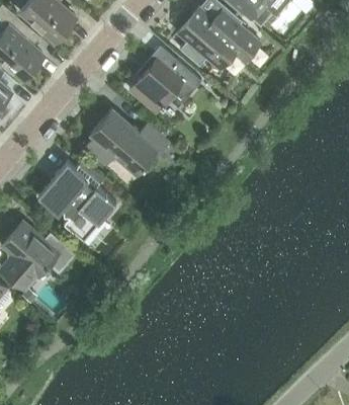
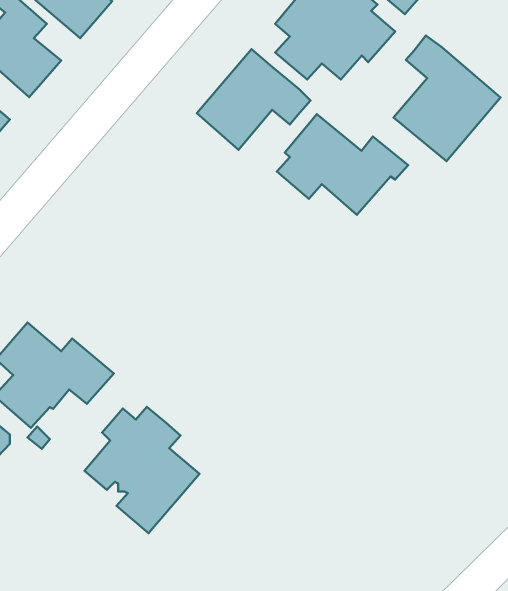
building: none -> [393,35,500,161]
building: [85,110,168,174] -> [277,114,408,215]
building: [42,160,115,240] -> [85,407,200,533]

